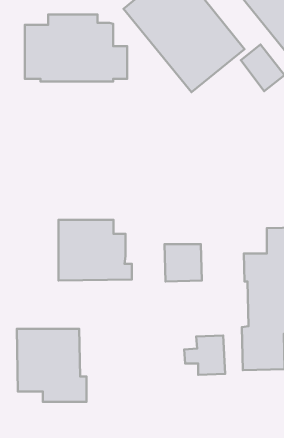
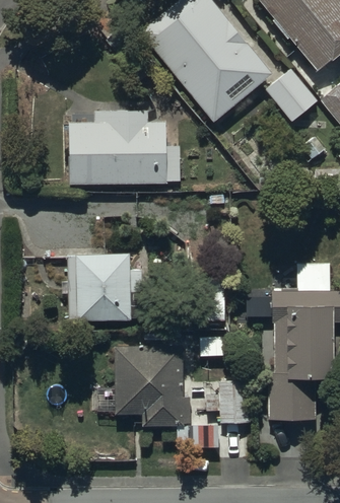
building: [25,14,127,82] -> [69,112,181,185]
building: [17,329,87,402] -> [114,341,190,420]

